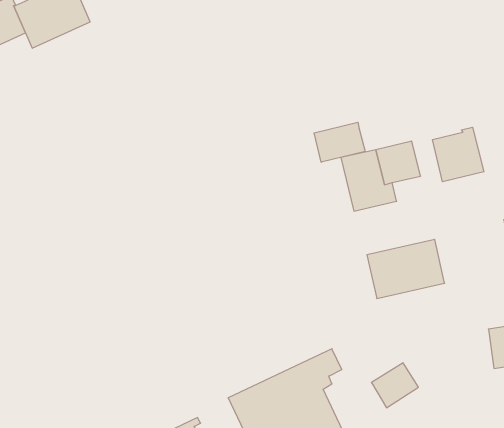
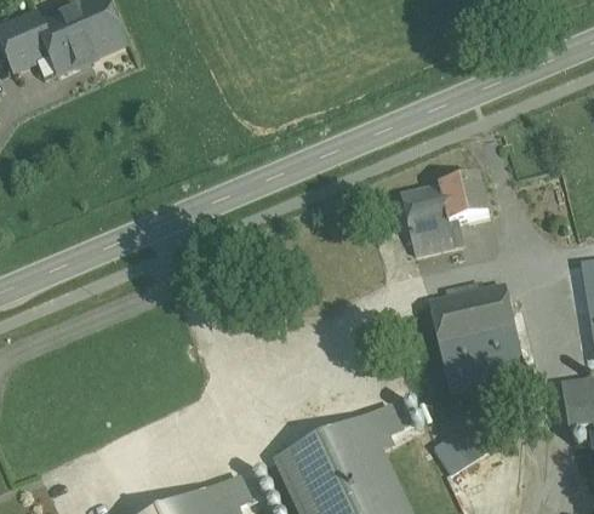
building: [314,122,365,162] -> none
building: [433,127,484,182] -> none
building: none -> [440,331,530,395]

